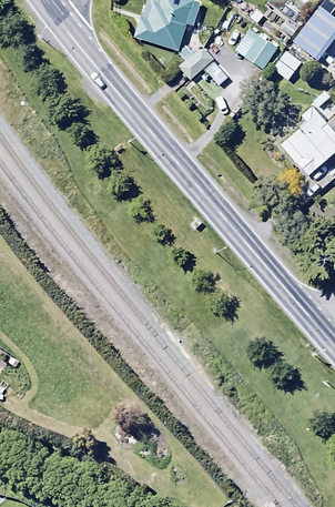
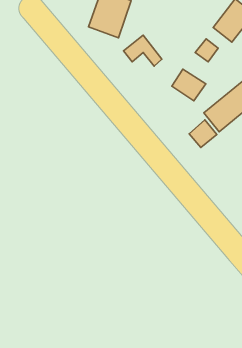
building: [235,30,280,71] -> [172,69,206,101]
building: none -> [189,120,217,148]

